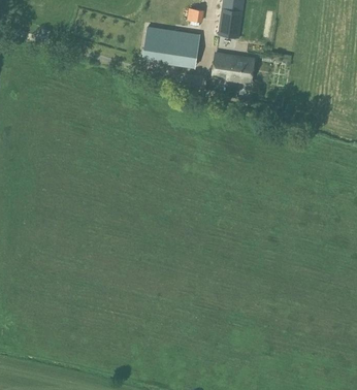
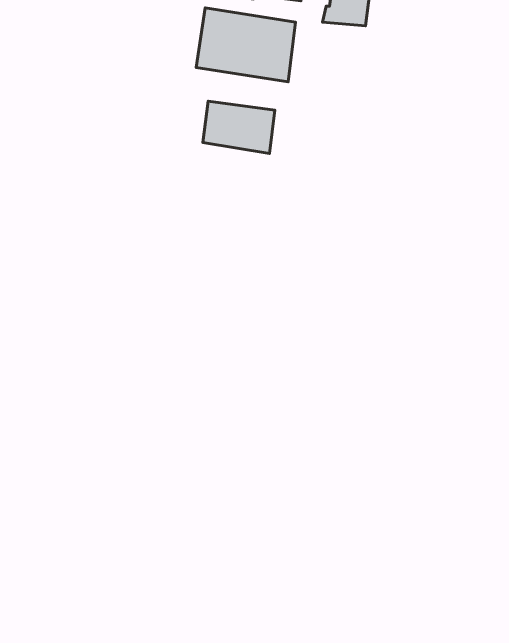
building: [213,53,254,83] -> [203,101,275,153]

